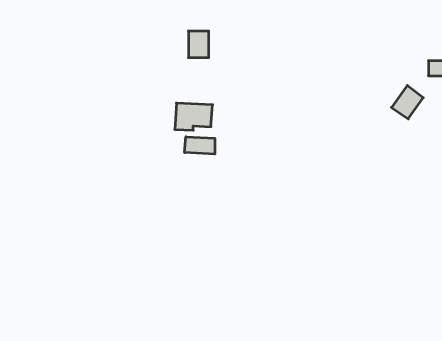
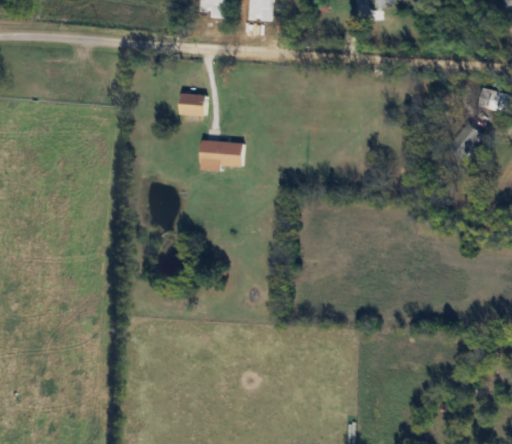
building: [188,31,209,58] -> [181,94,204,124]
building: [185,137,215,154] -> none

